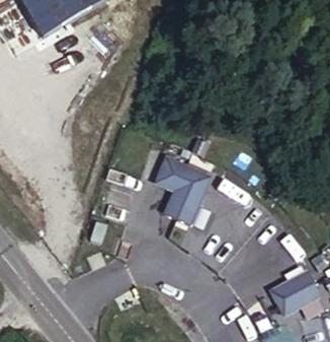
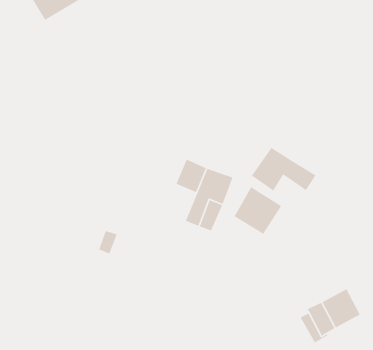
building: none -> [251,147,316,192]

